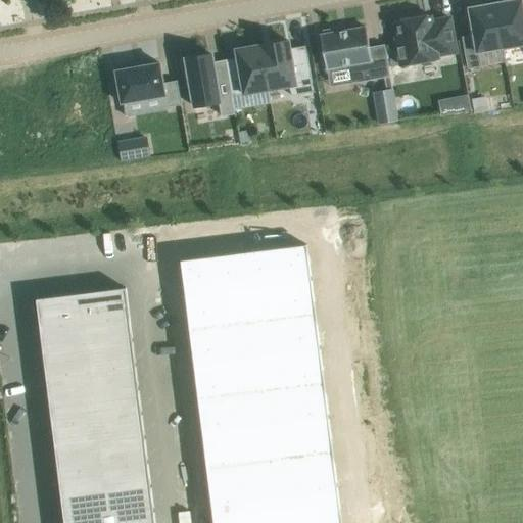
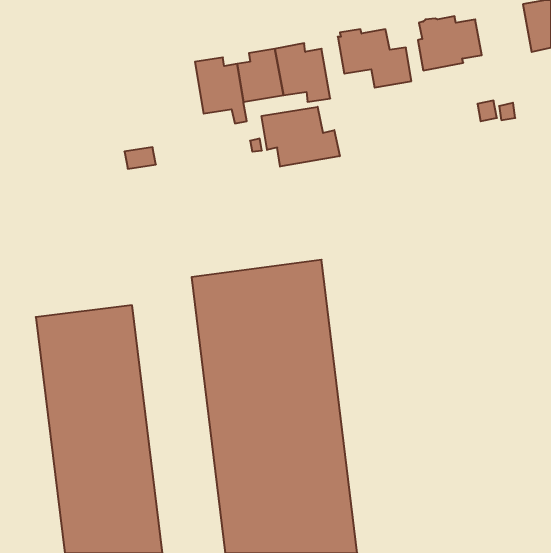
building: [460,4,502,69] -> none
building: [114,63,180,117] -> none
building: [373,95,397,125] -> none
building: none -> [262,107,340,167]

